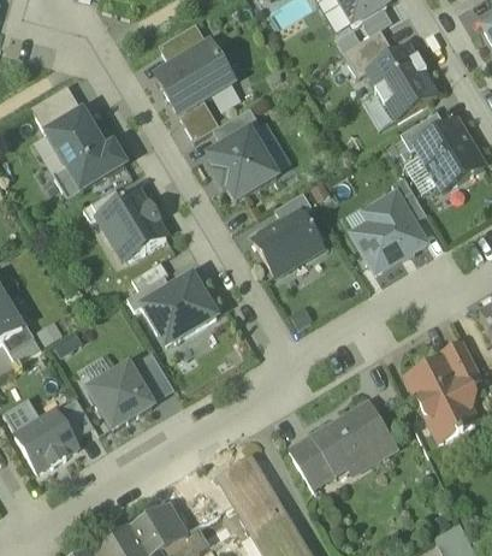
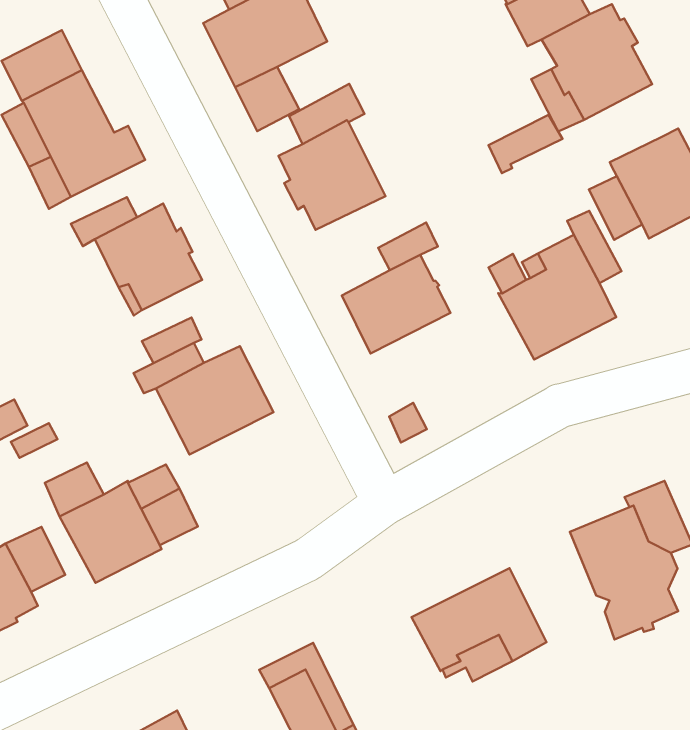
building: [401,112,446,150] -> [489,115,562,173]
building: [289,437,336,487] -> none

